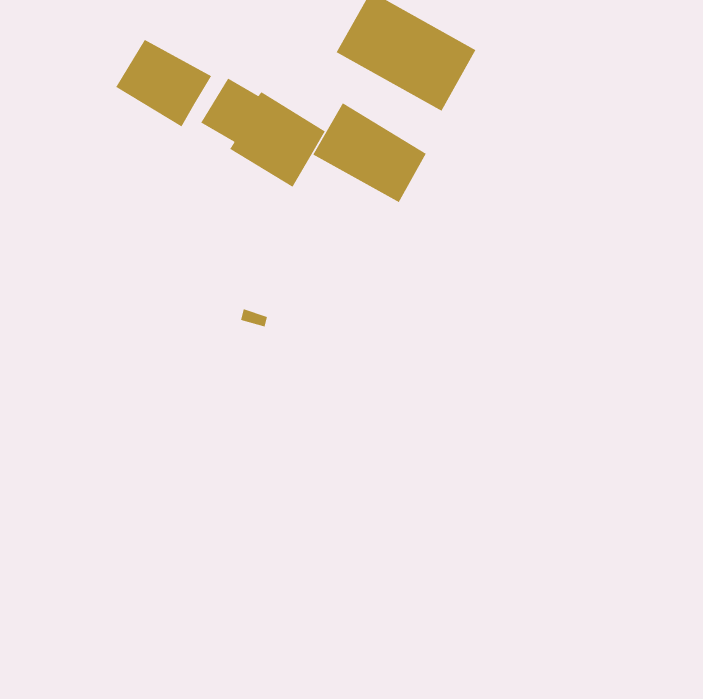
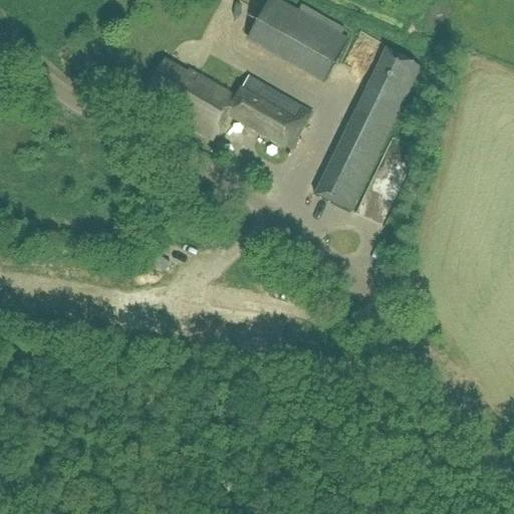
building: [115,39,212,128] -> none
building: none -> [315,46,421,210]

